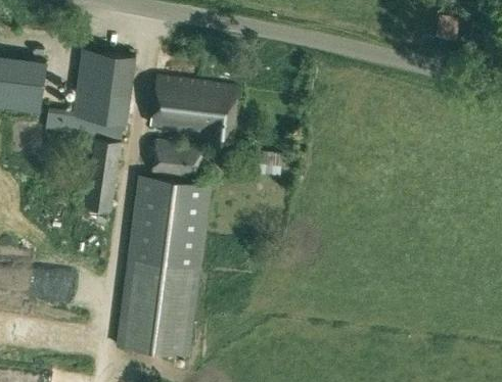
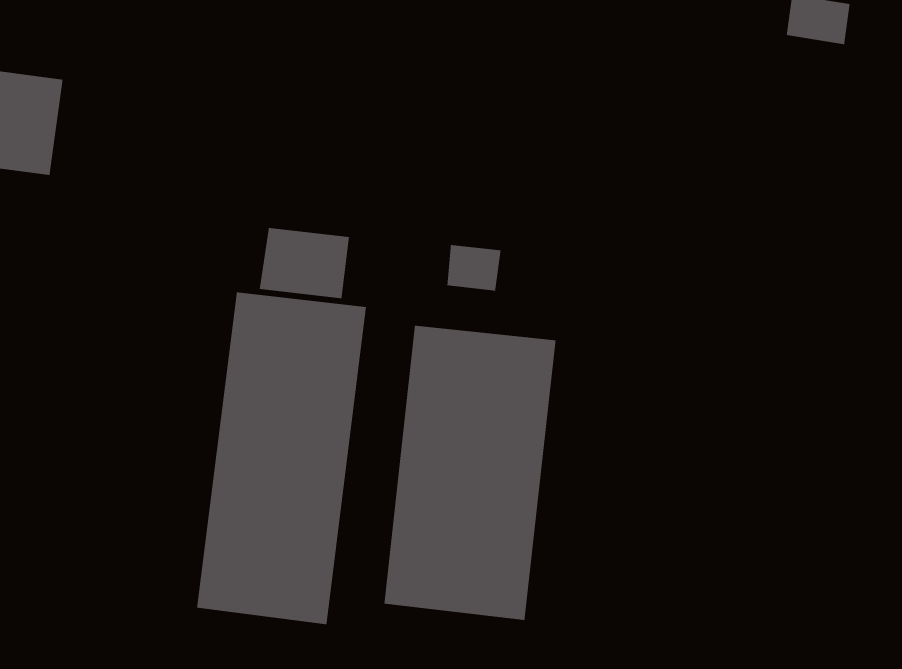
building: [46,48,133,212] -> none
building: [151,78,238,141] -> none
building: none -> [384,325,556,621]

